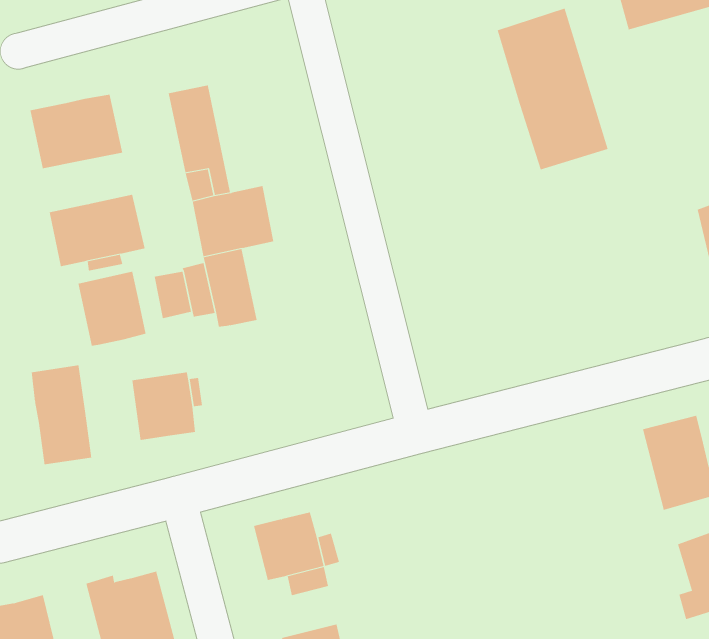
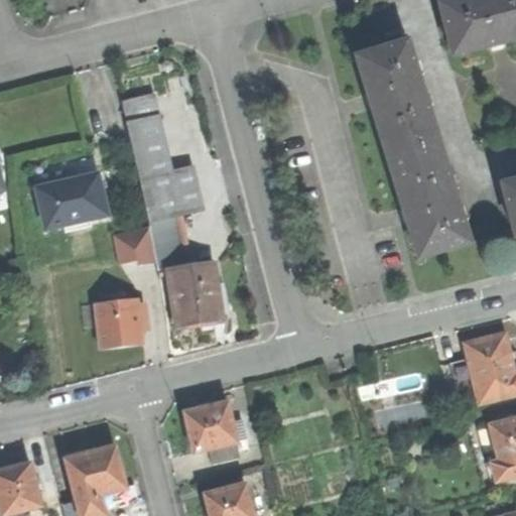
building: [30,94,123,169] -> none
building: none -> [390,140,471,256]
building: [78,271,146,347] -> none
building: none -> [166,258,229,327]
building: [31,365,92,465] -> none

